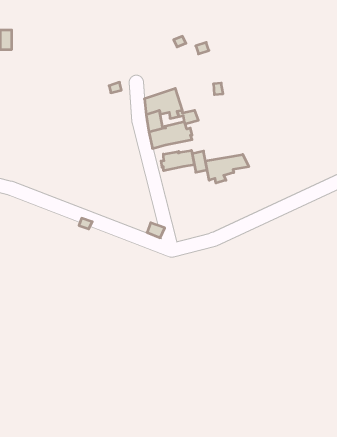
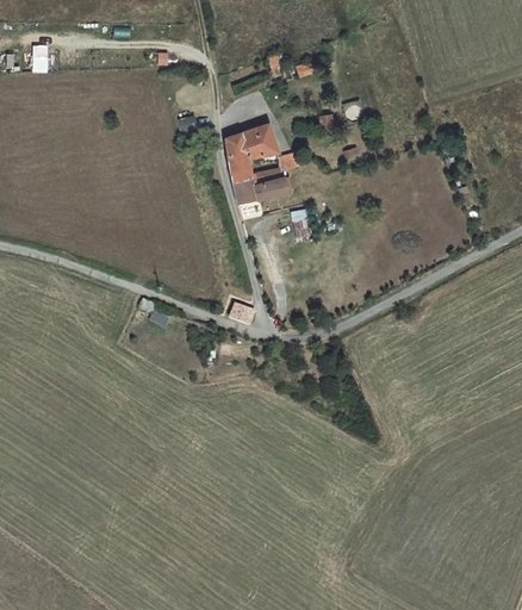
building: [161,150,194,171] -> none
building: [206,154,249,183] -> none

